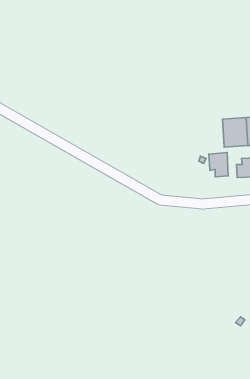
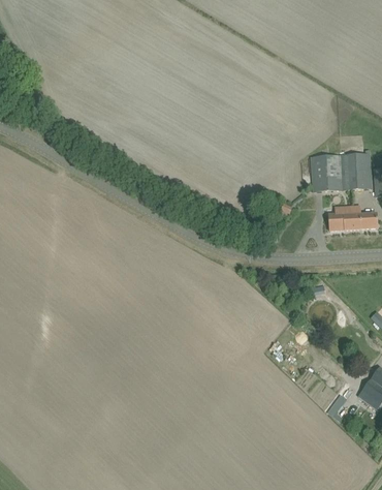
building: [209,152,228,177] -> none

